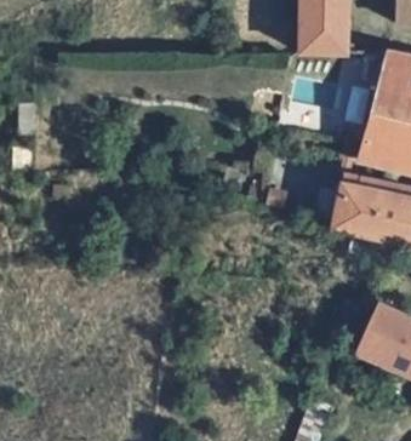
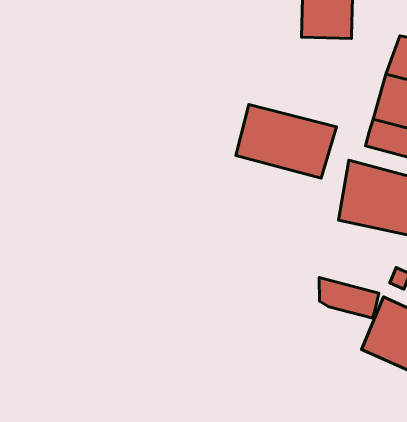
building: none -> [236,104,337,178]
building: none -> [319,278,379,318]

